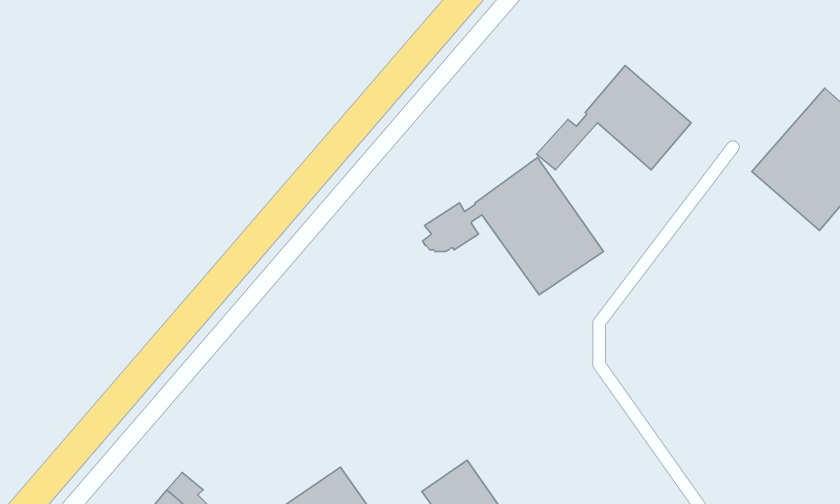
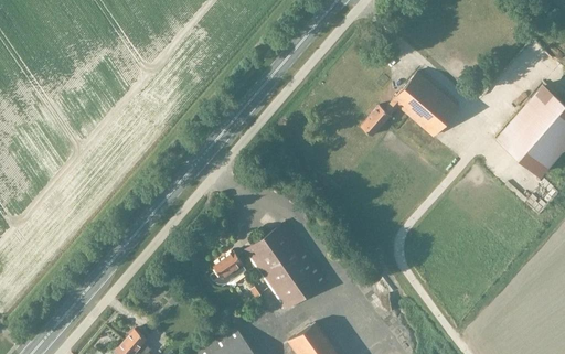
building: [423,158,604,295] -> [211,223,326,310]

